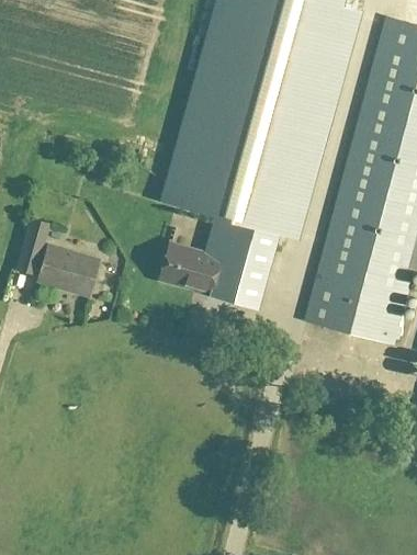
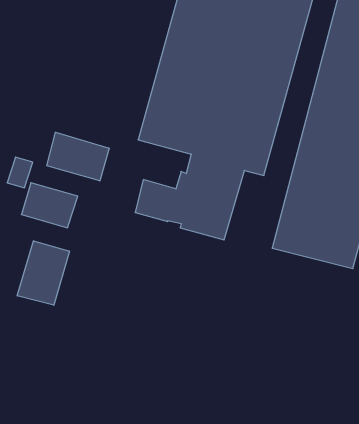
building: none -> [47,132,109,181]
building: none -> [17,241,69,305]

